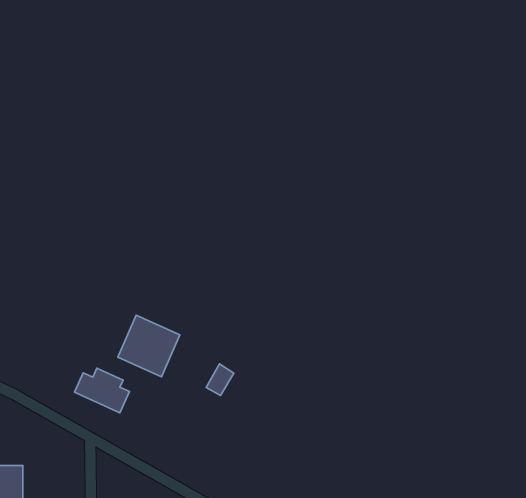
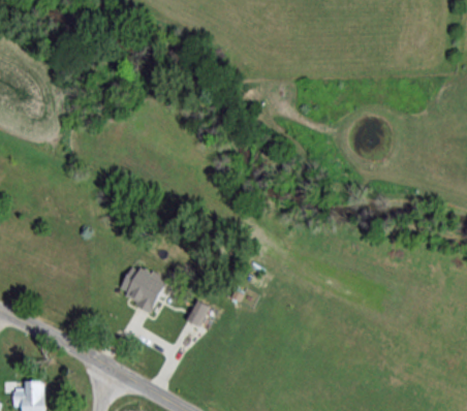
building: [74,368,130,413] -> none

